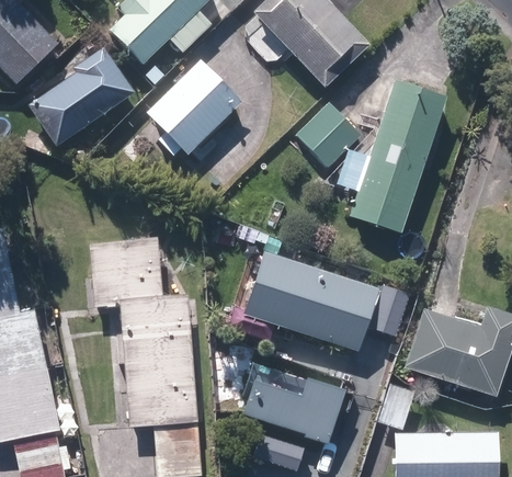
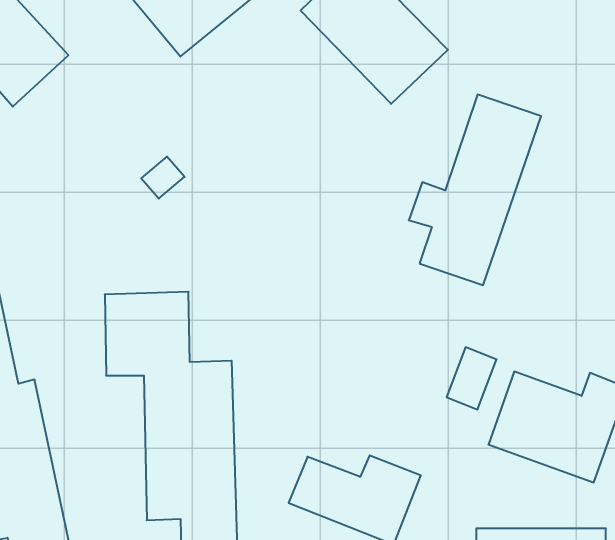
building: [26,49,133,145] -> none
building: [145,58,242,156] -> none
building: [296,101,362,167] -> none
building: [240,249,378,351] -> none

